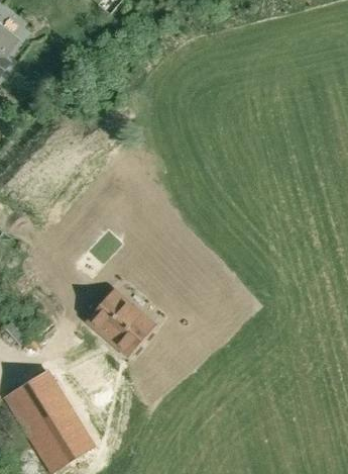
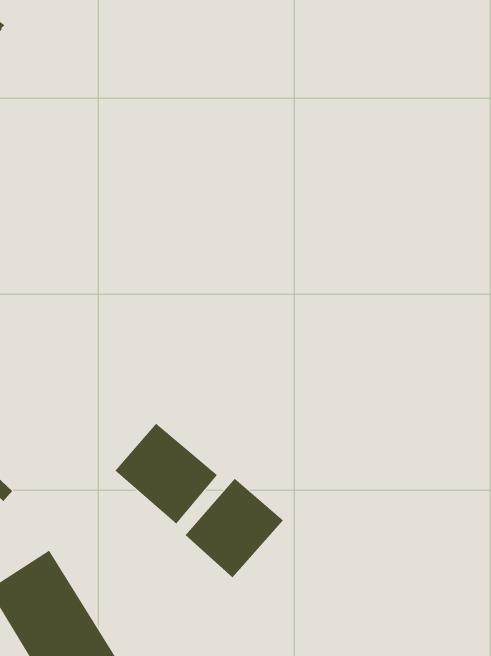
building: none -> [185,478,284,578]

